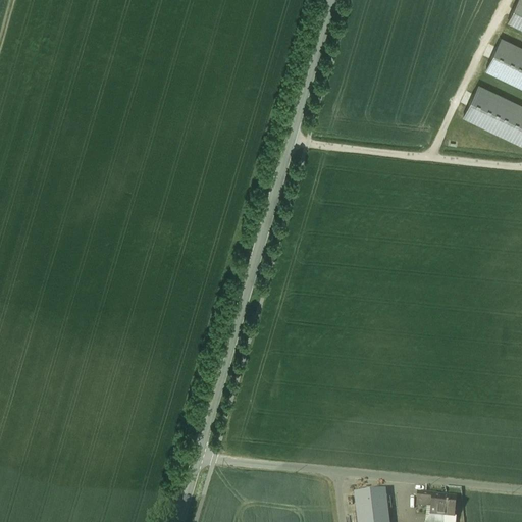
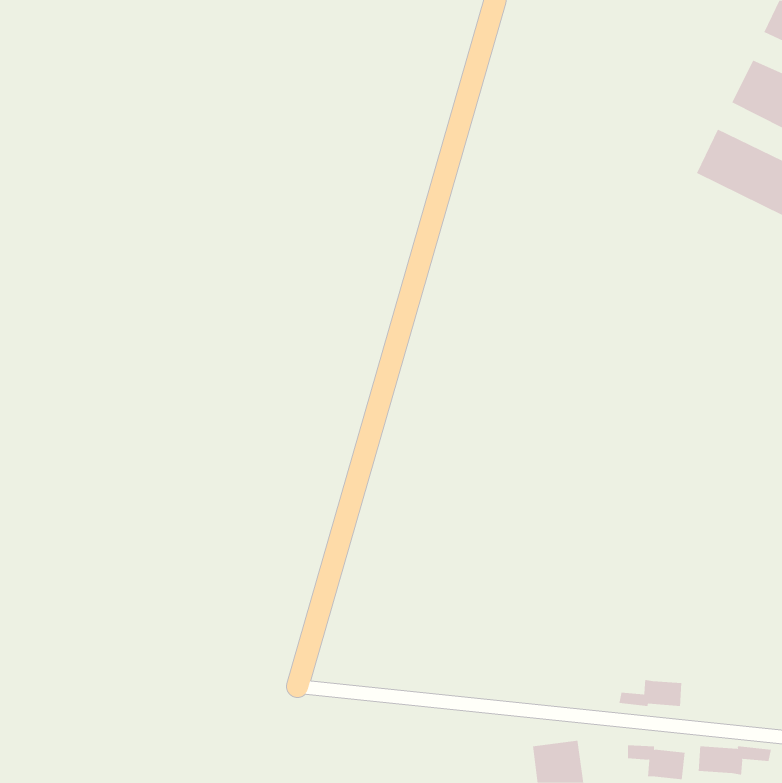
building: none -> [619,679,682,707]
building: none -> [698,745,771,775]

